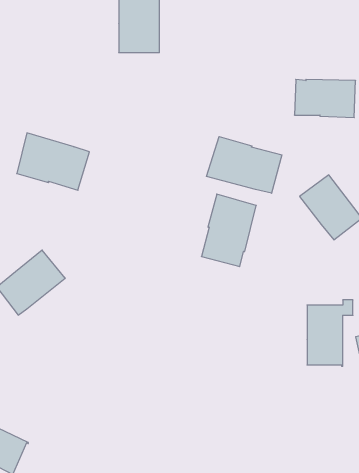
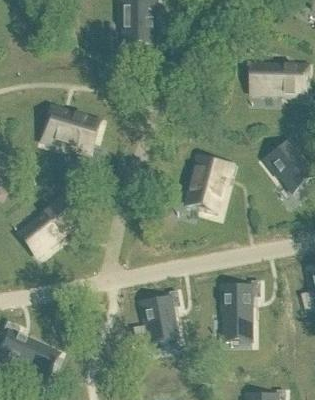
building: [207,137,282,193] -> none
building: [307,300,353,366] -> [223,281,259,333]
building: none -> [142,290,179,344]

